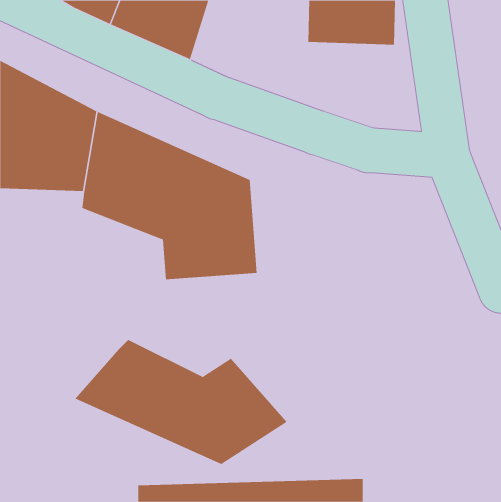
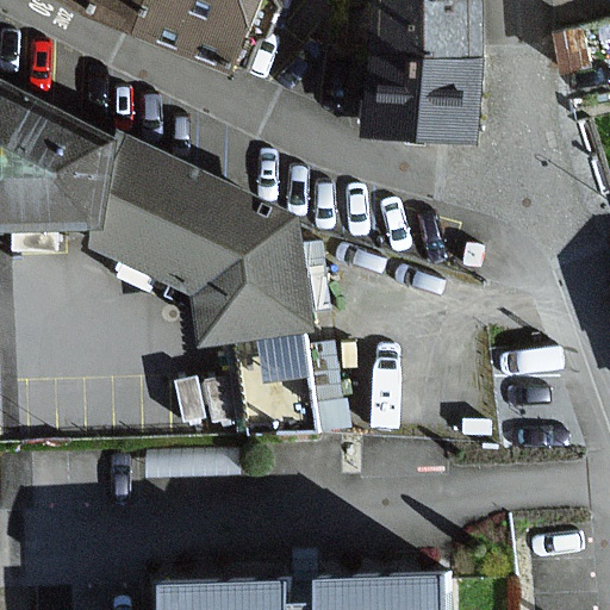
building: none -> [371,51,479,132]
building: [75,339,288,465] -> none

